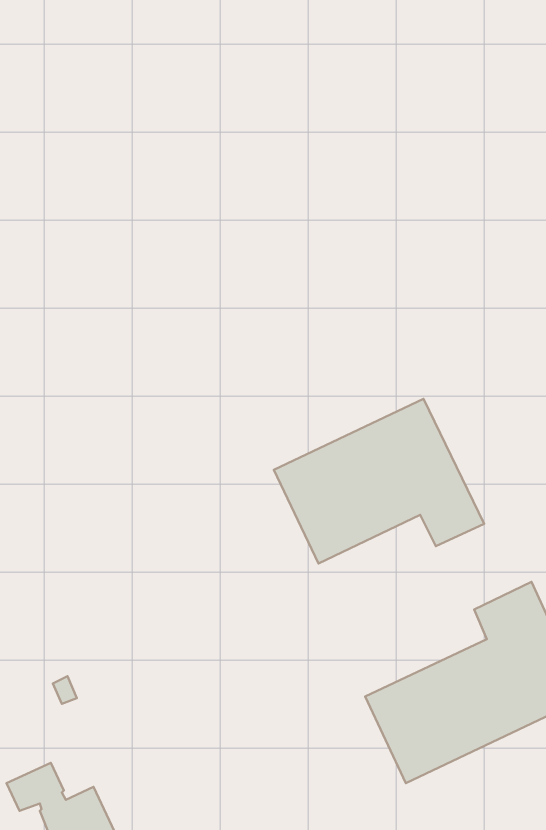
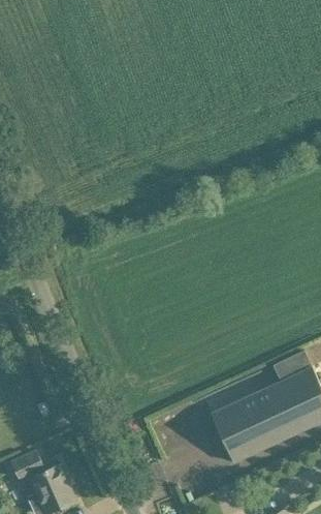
building: [274,399,484,564] -> none

